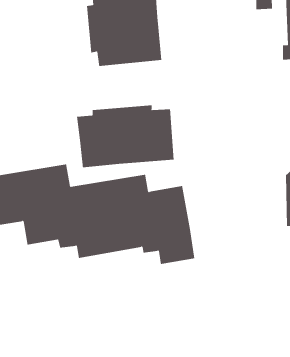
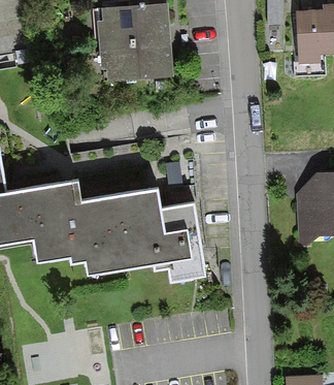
building: [76,105,174,168] -> none

